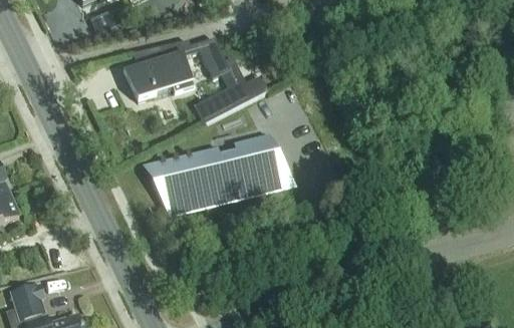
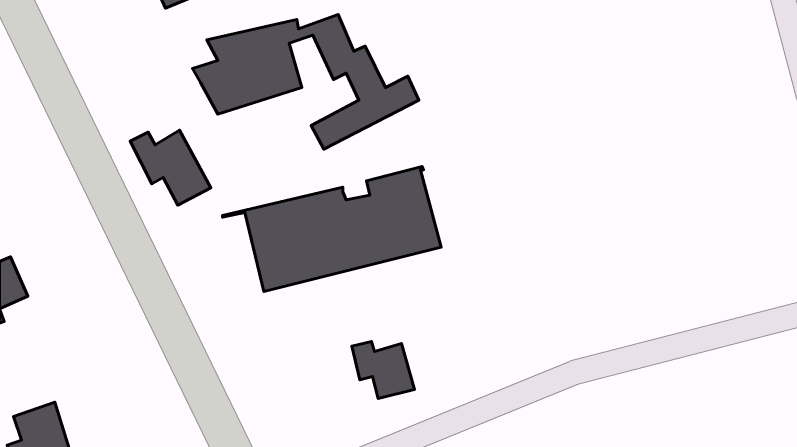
building: none -> [130,130,211,205]
building: none -> [352,341,414,398]

